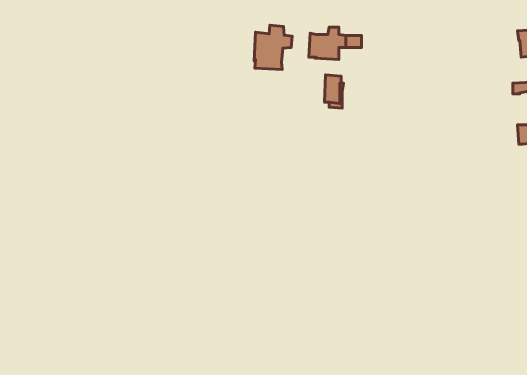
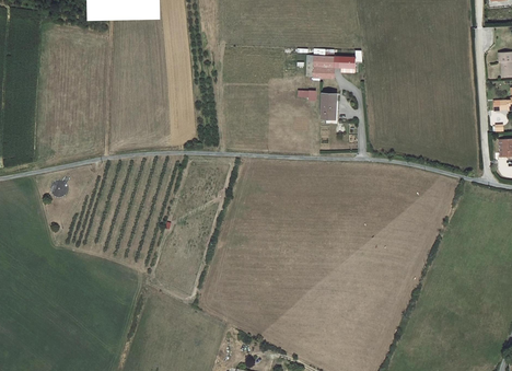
building: [254,25,292,70] -> none

